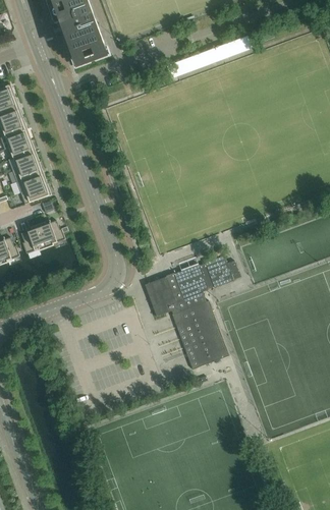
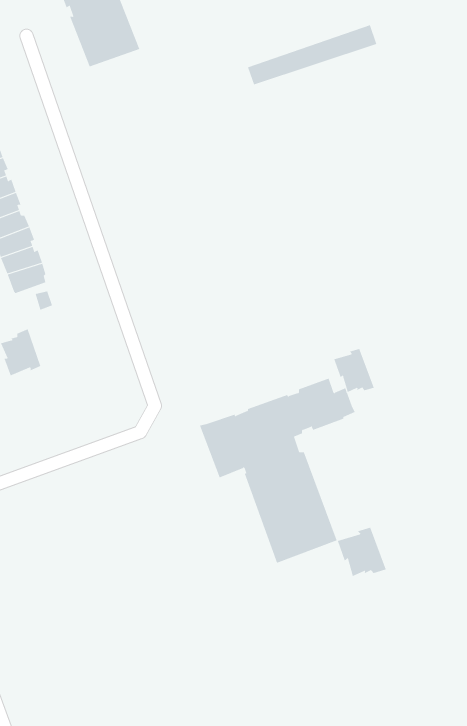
building: [37,221,64,248] -> none
building: none -> [334,348,374,393]
building: none -> [337,527,387,577]

